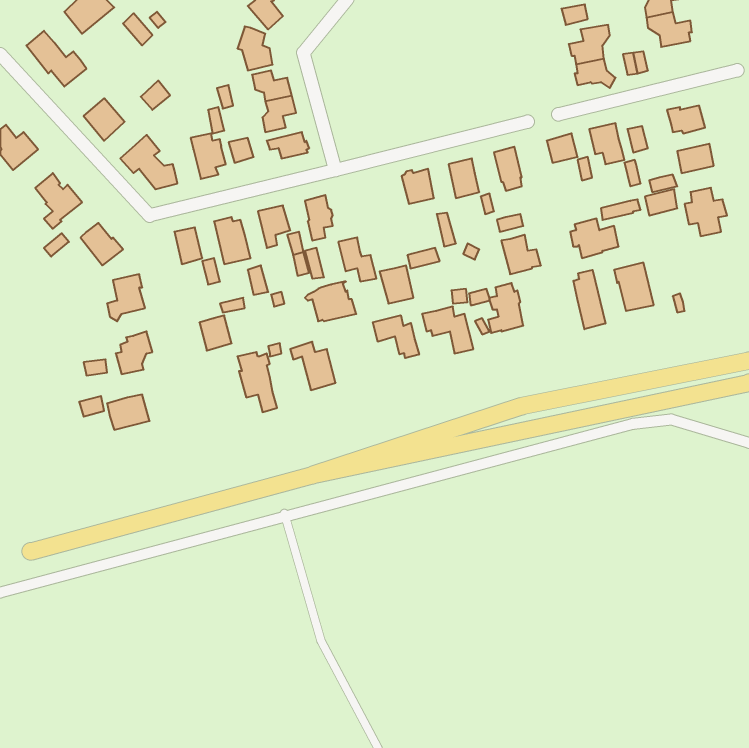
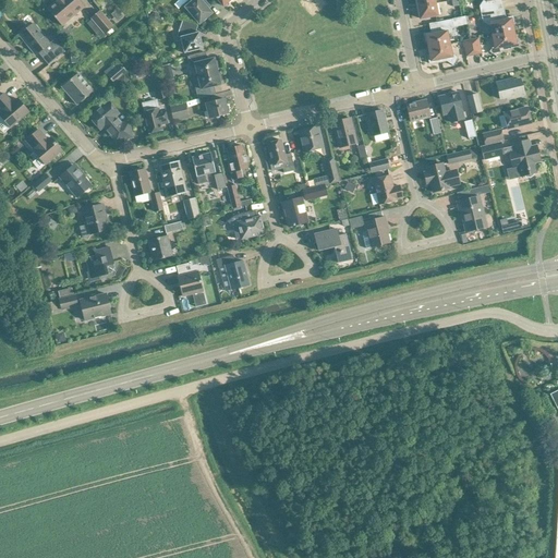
building: none -> [489,31,519,57]
building: [338,237,376,281] -> [267,140,295,172]
building: [573,270,605,329] -> none
building: [373,315,419,358] -> none

